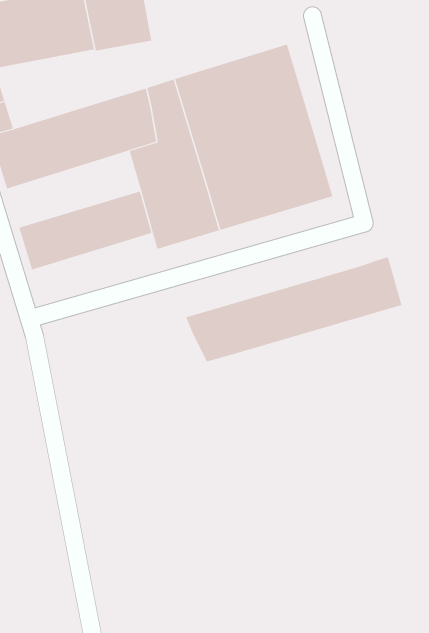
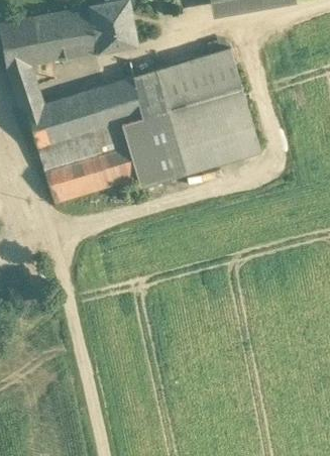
building: none -> [37,121,129,174]
building: [185,256,402,362] -> none

